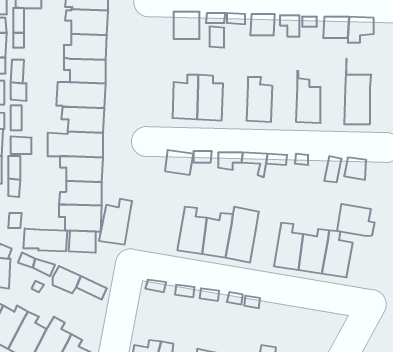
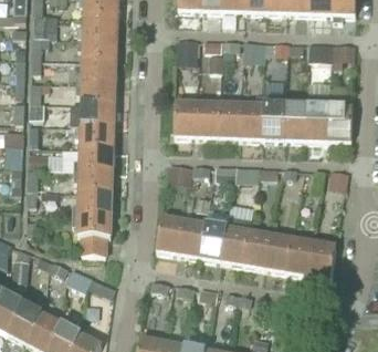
building: none -> [306,81,329,141]
building: none -> [262,92,285,138]
building: none -> [218,99,241,137]
building: [99,199,132,244] -> [155,213,185,253]
building: [337,204,374,236] -> none
building: none -> [243,227,271,268]
building: [23,228,67,251] -> none

